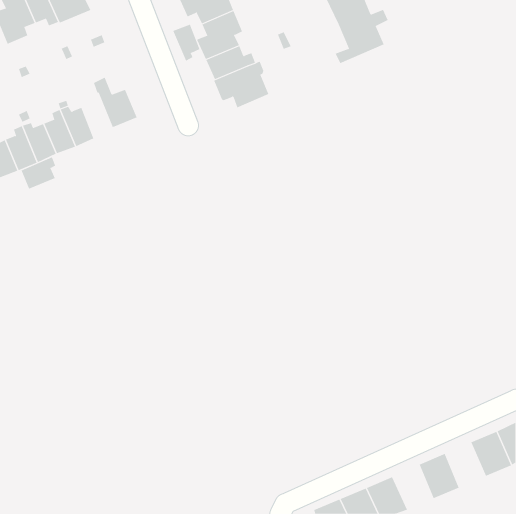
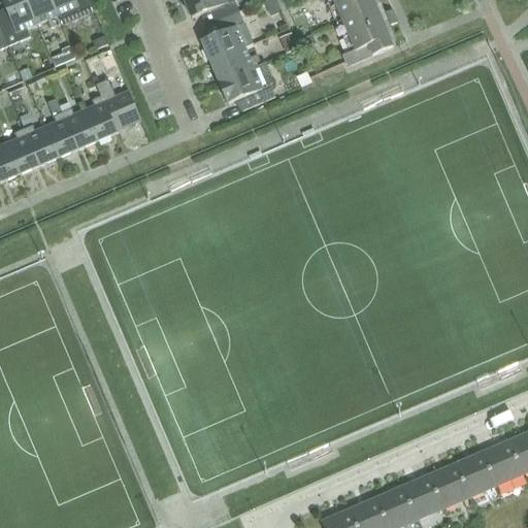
building: [172,24,200,61] -> none
building: none -> [84,95,117,141]
building: [21,156,56,190] -> none
building: none -> [454,451,495,497]
building: none -> [400,473,441,520]

